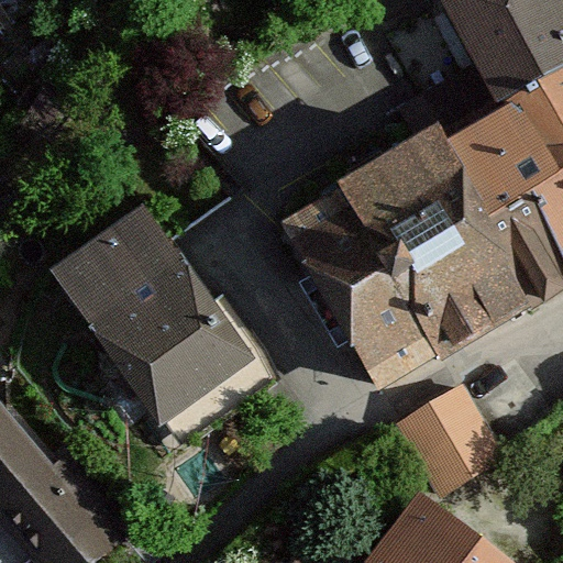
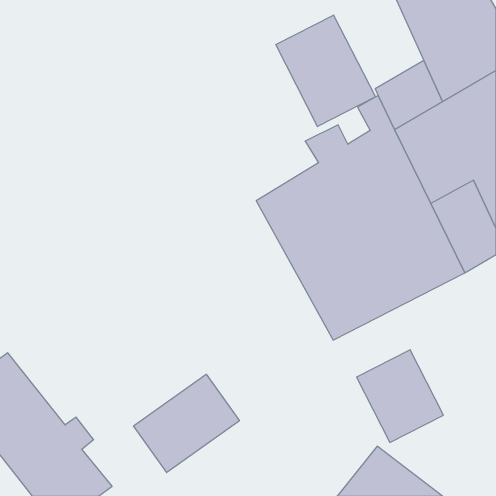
building: none -> [276,15,375,127]
building: [56,213,266,427] -> none
building: none -> [134,374,239,473]

